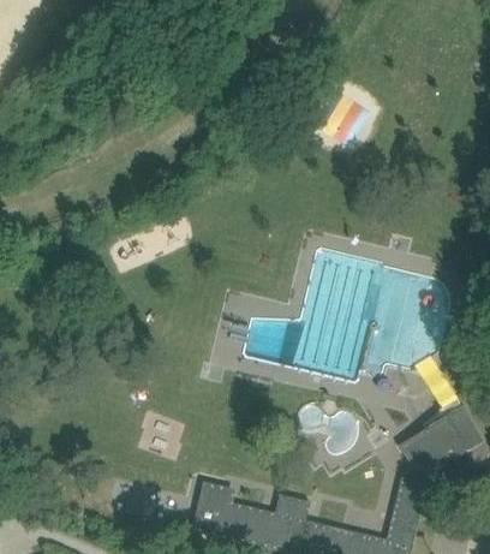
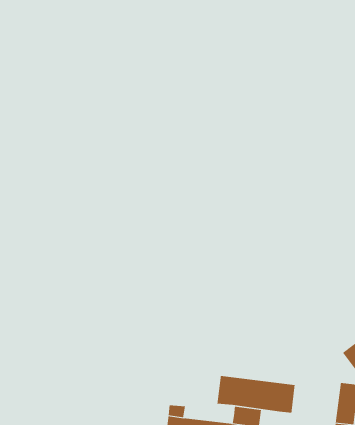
building: none -> [217,375,295,414]

